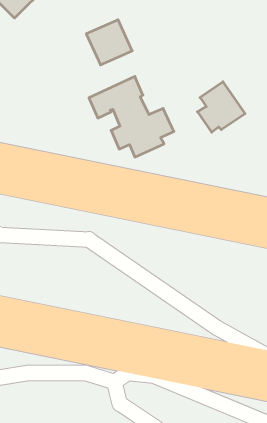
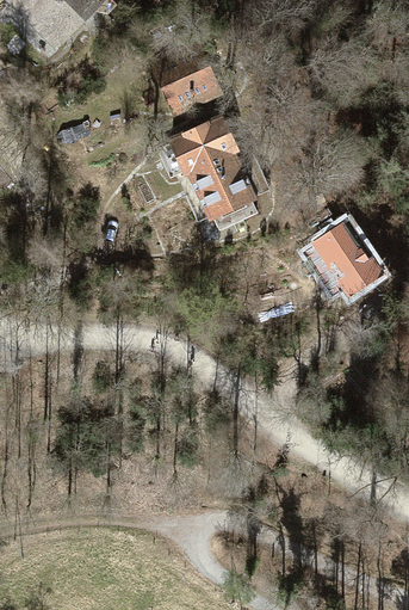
building: [197,82,245,132] -> [316,227,380,295]

